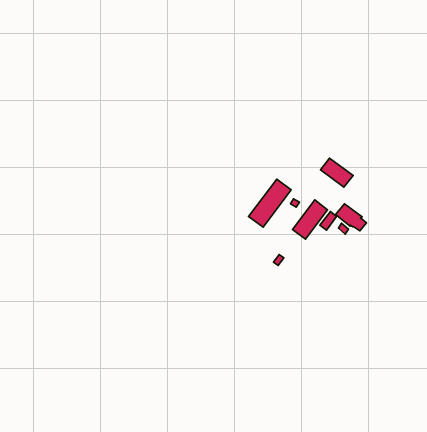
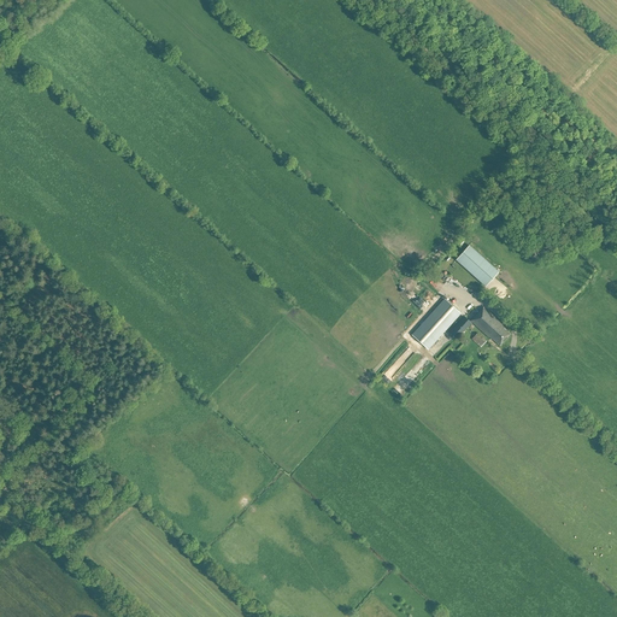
building: [249,179,291,227] -> none

